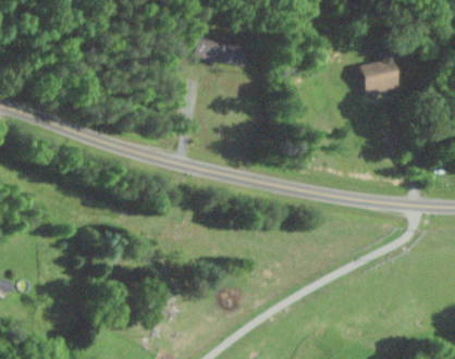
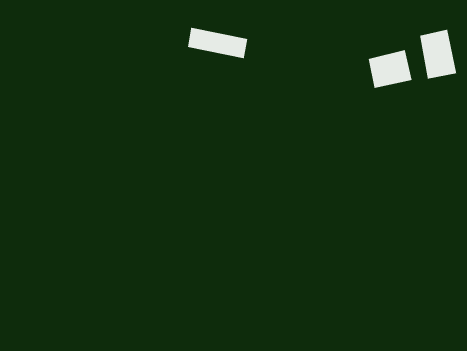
building: none -> [420,29,457,79]

